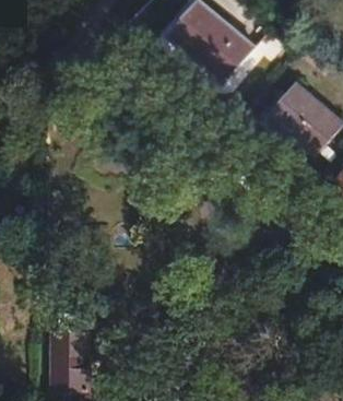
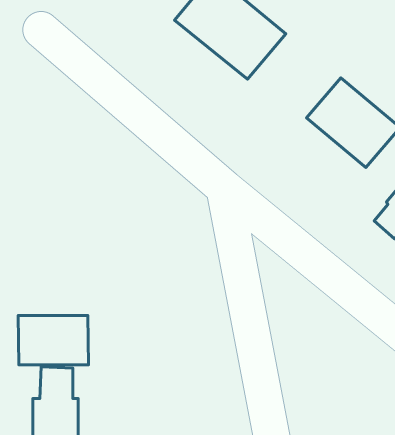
building: none -> [18,316,88,365]

